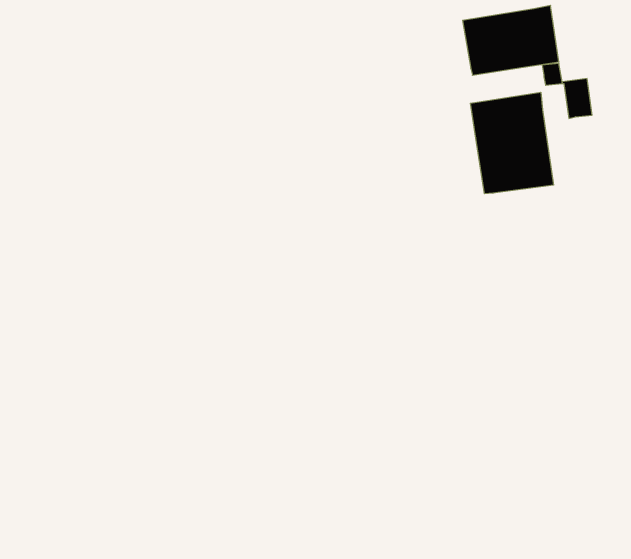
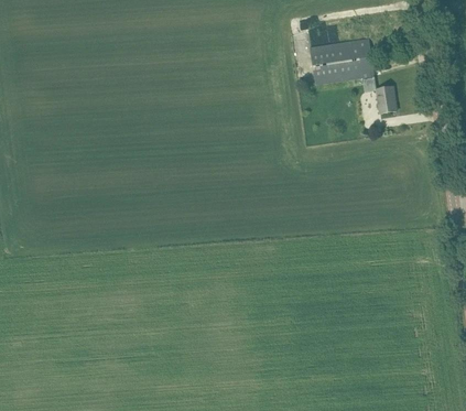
building: [470,92,553,194] -> none

